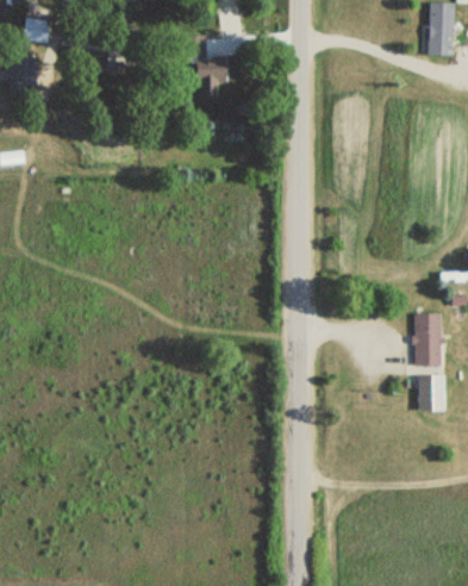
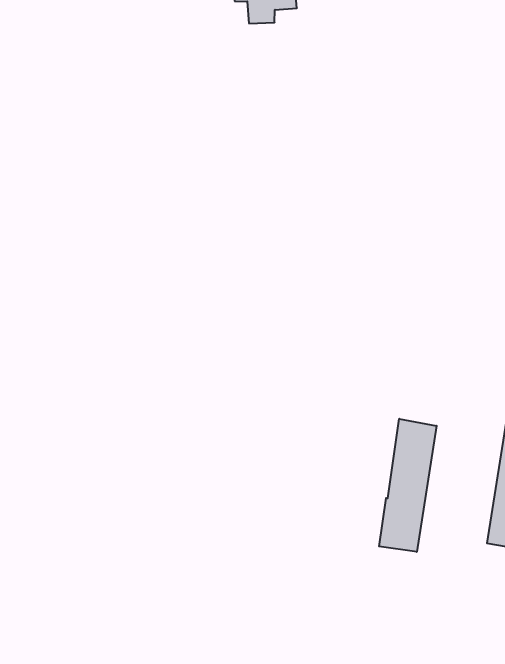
building: none -> [379,419,437,552]

